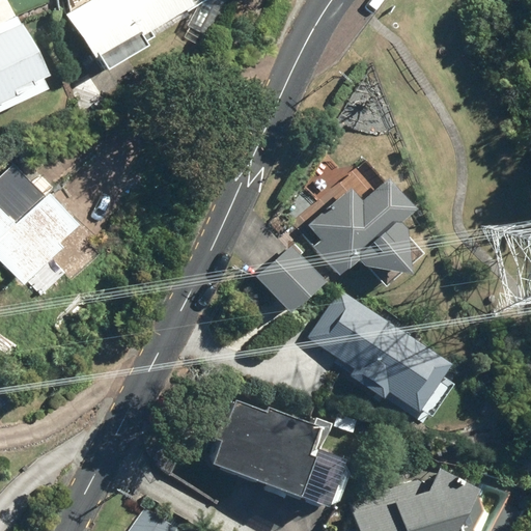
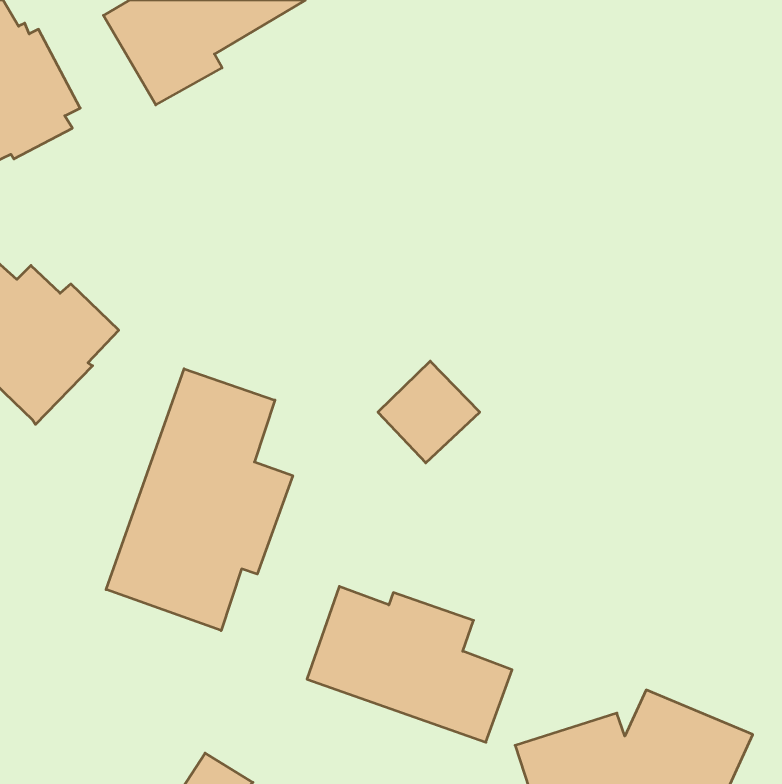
building: [310,176,418,286] -> none
building: none -> [106,369,293,631]
building: [319,301,442,406] -> none

